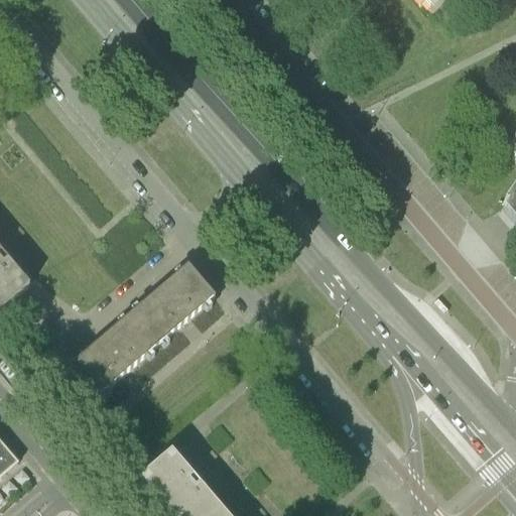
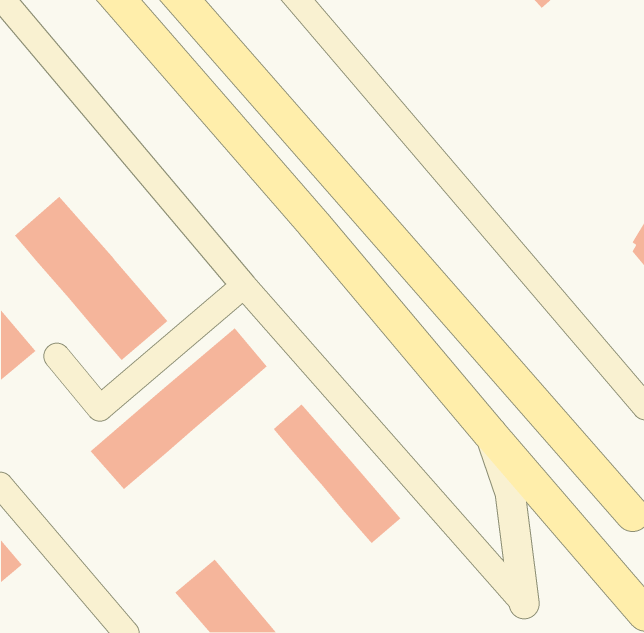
building: none -> [14,196,168,361]
building: none -> [273,403,402,544]

